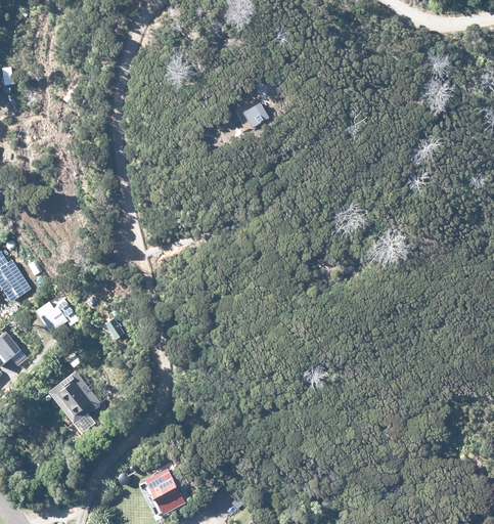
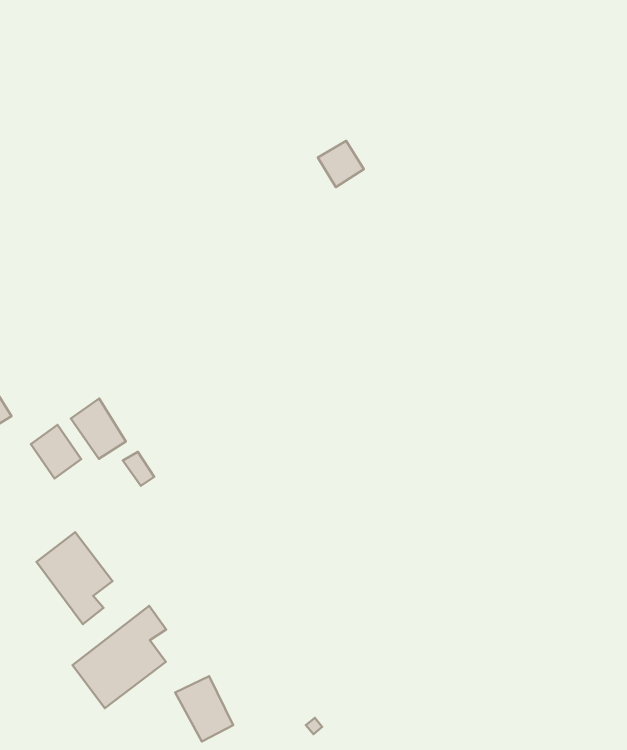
building: none -> [71,398,126,459]
building: none -> [73,606,166,708]

